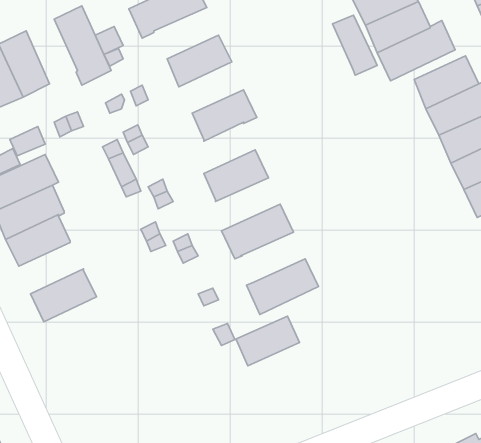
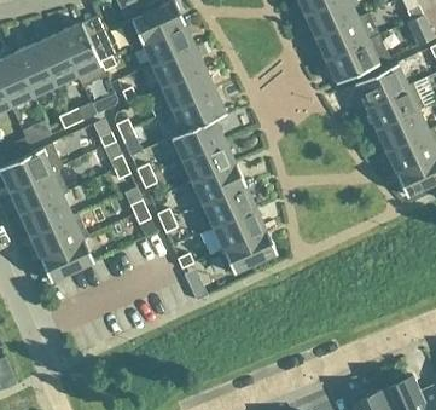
building: none -> [141,23,194,65]
building: [333,15,377,75] -> none
building: none -> [36,33,79,86]
building: none -> [162,68,215,110]
building: none -> [172,117,225,160]
building: none -> [187,163,245,207]
building: none -> [30,213,89,259]
building: [235,316,299,366] -> [213,208,266,249]

